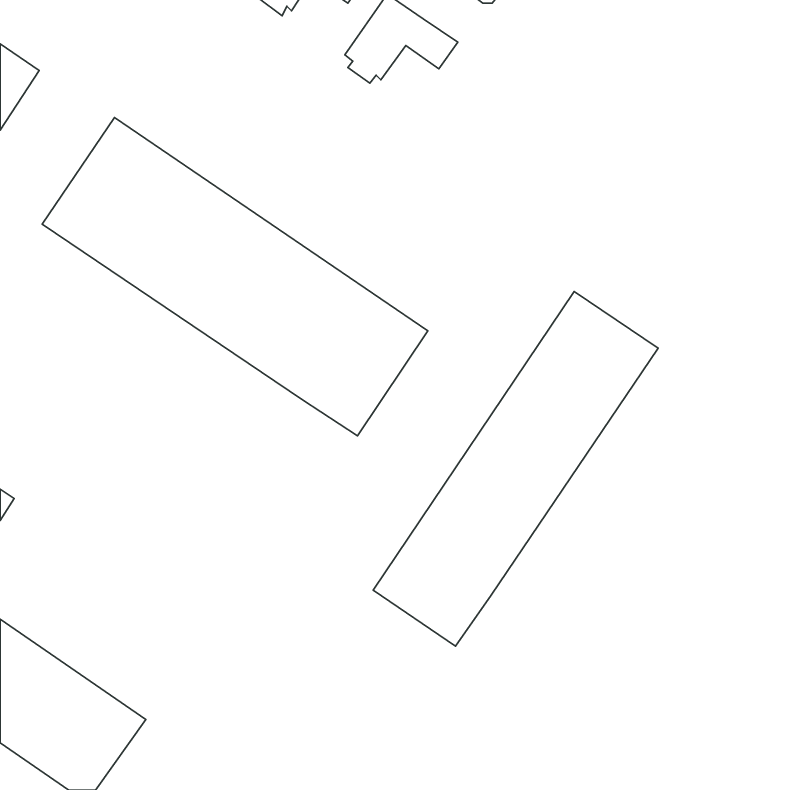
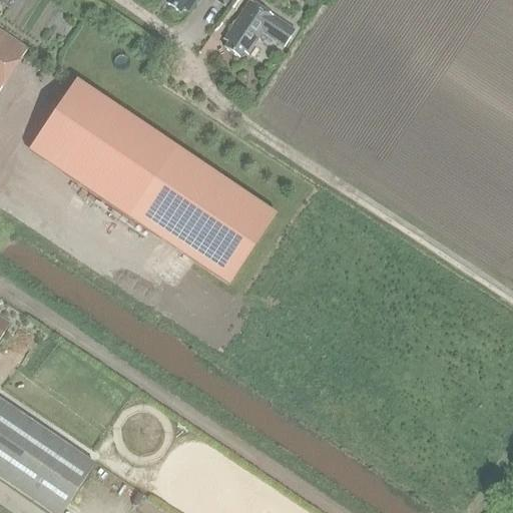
building: [373,291,658,646] -> none

